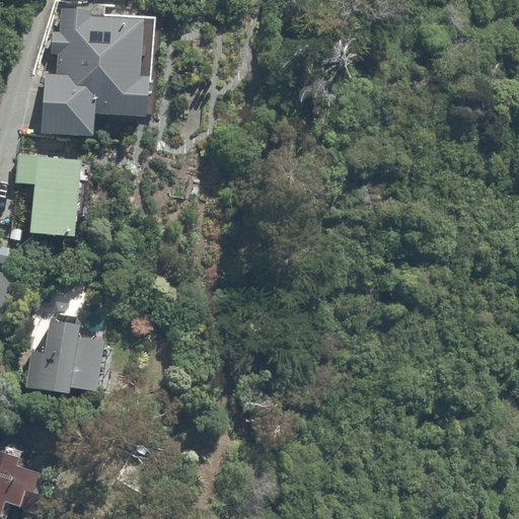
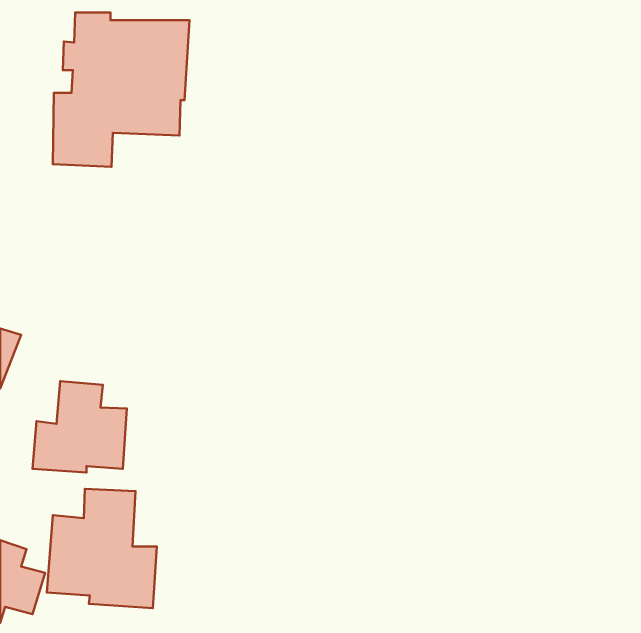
building: [17,154,75,230] -> none
building: none -> [47,489,157,608]

